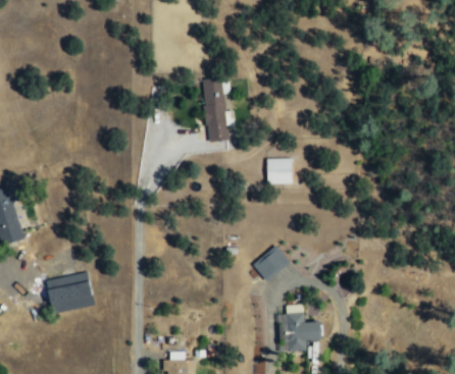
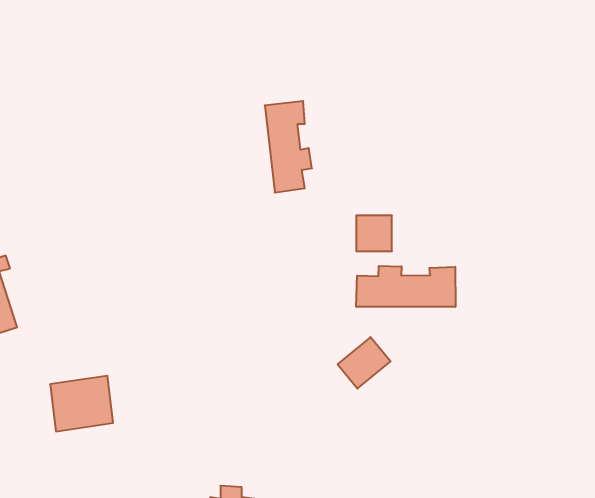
building: none -> [356,266,455,307]
building: [281,305,322,353] -> none

